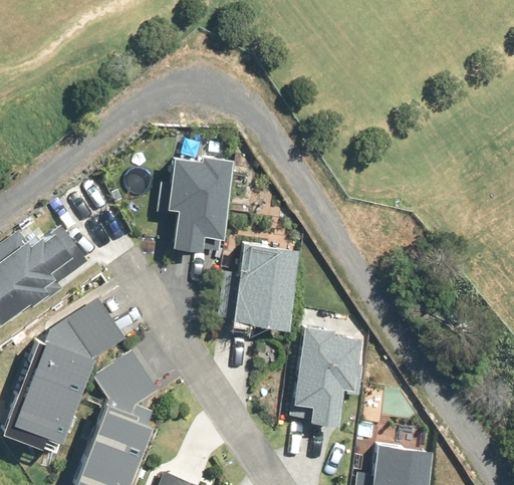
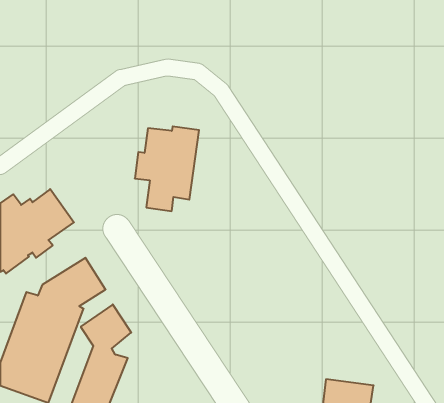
building: [220,242,297,328] -> none
building: [293,326,364,426] -> none

